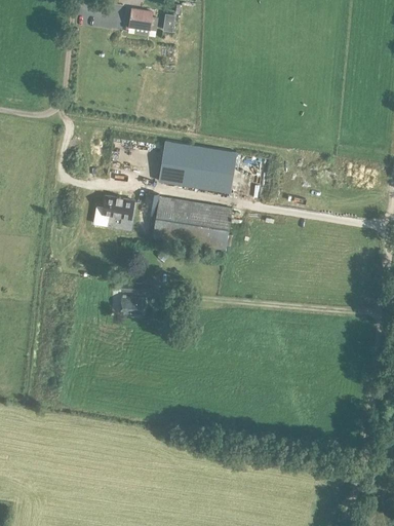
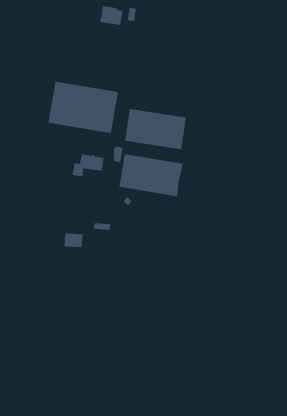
building: none -> [48,81,119,134]
building: [119,297,144,316] -> [64,232,83,248]

